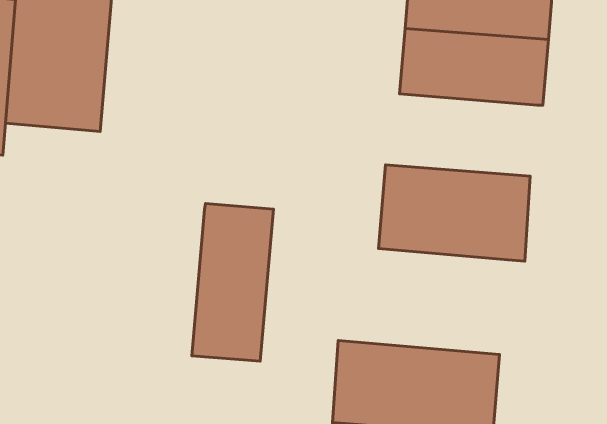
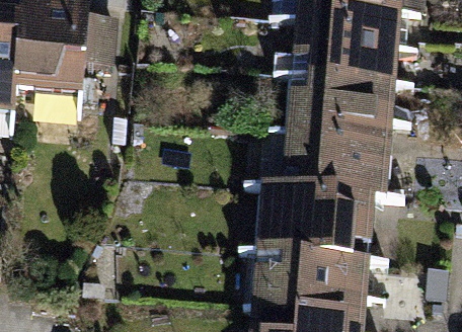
building: none -> [286,77,396,138]
building: [192,204,274,361] -> none
building: none -> [251,189,375,267]

